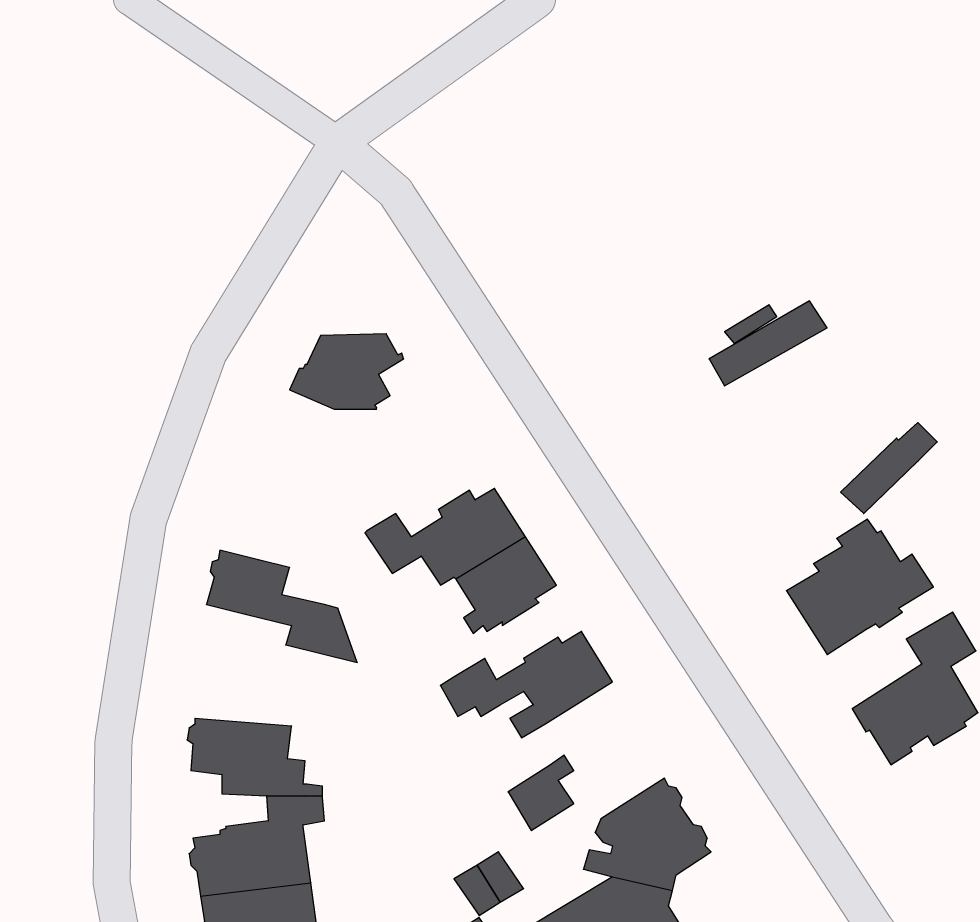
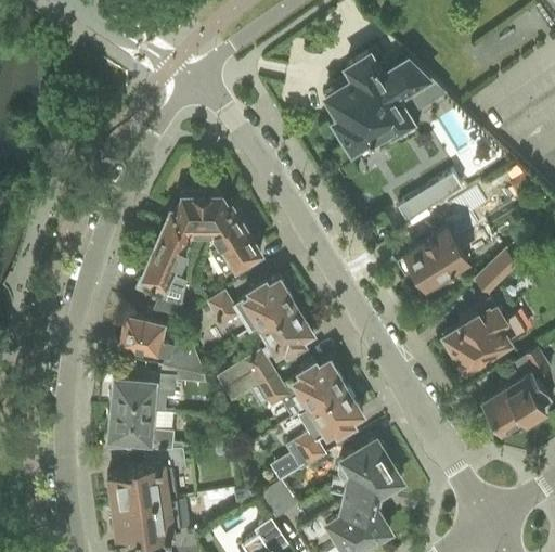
building: none -> [325,51,447,154]
building: none -> [397,190,492,290]
building: none -> [211,207,261,278]
building: none -> [137,226,194,320]
building: none -> [219,355,274,402]
building: none -> [109,364,177,414]
building: none -> [308,389,363,441]

